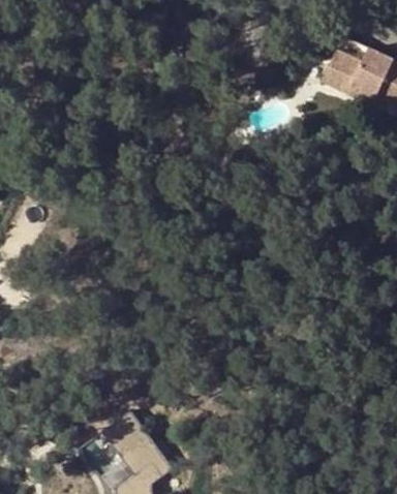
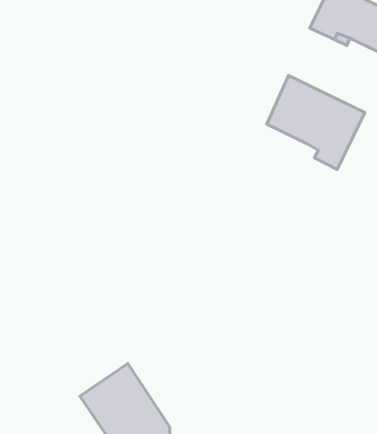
building: none -> [267,76,365,170]

